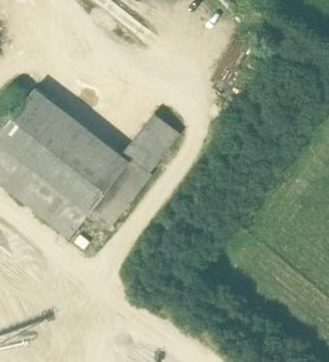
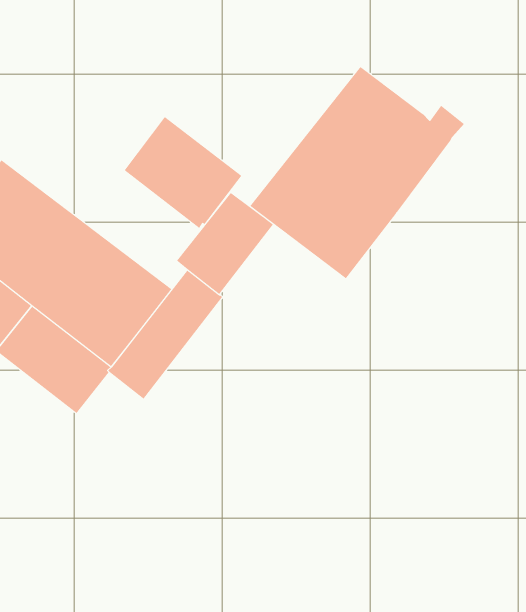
building: none -> [250,66,465,279]
building: none -> [124,116,242,229]

